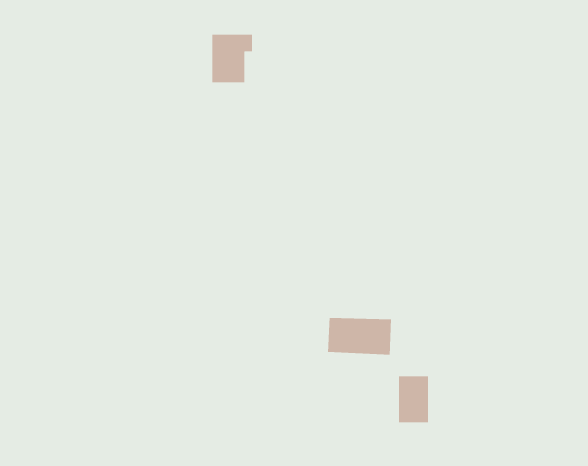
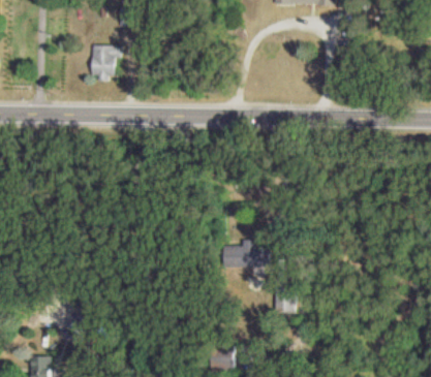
building: [211,34,253,83] -> [90,44,118,77]

